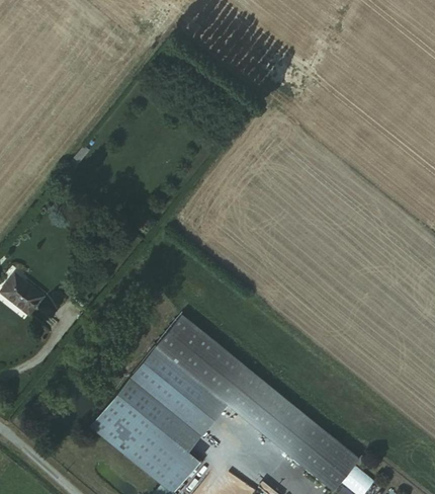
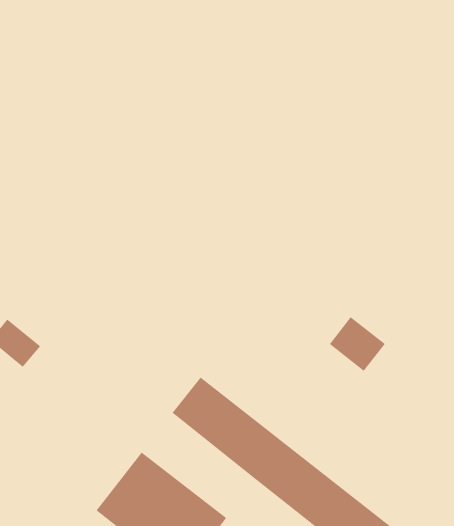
building: none -> [329,316,386,372]
building: [130,347,227,435] -> none

